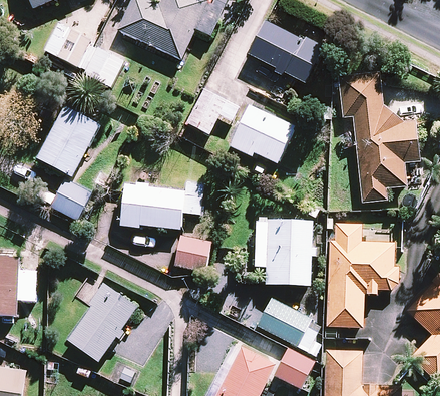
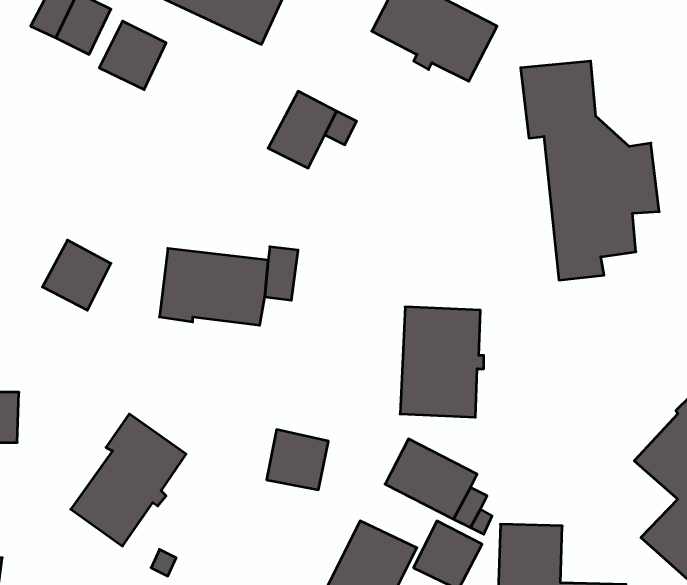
building: [229,105,294,163] -> none
building: [36,106,100,177] -> none
building: [326,223,399,327] -> none
building: [174,236,211,272] -> [267,430,328,490]

